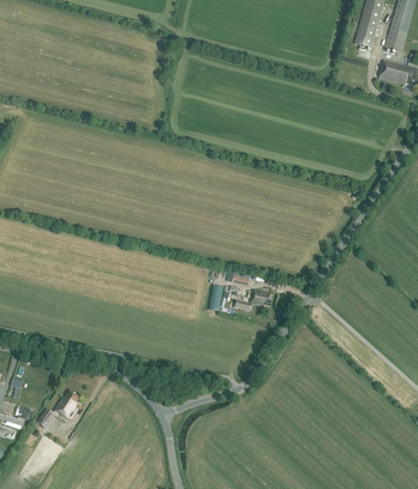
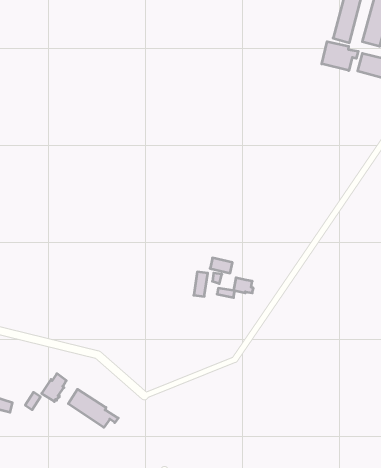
building: none -> [322,42,358,71]
building: none -> [68,389,118,427]

